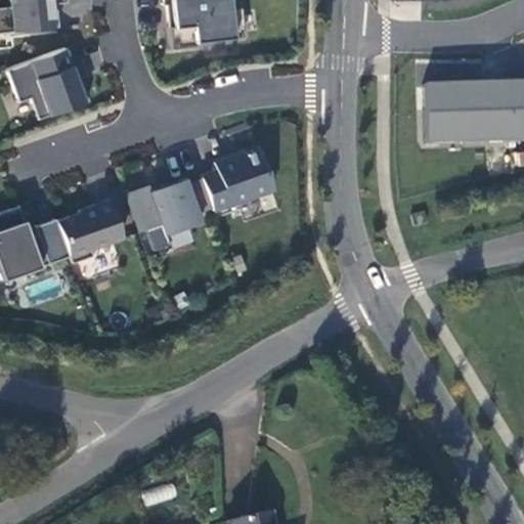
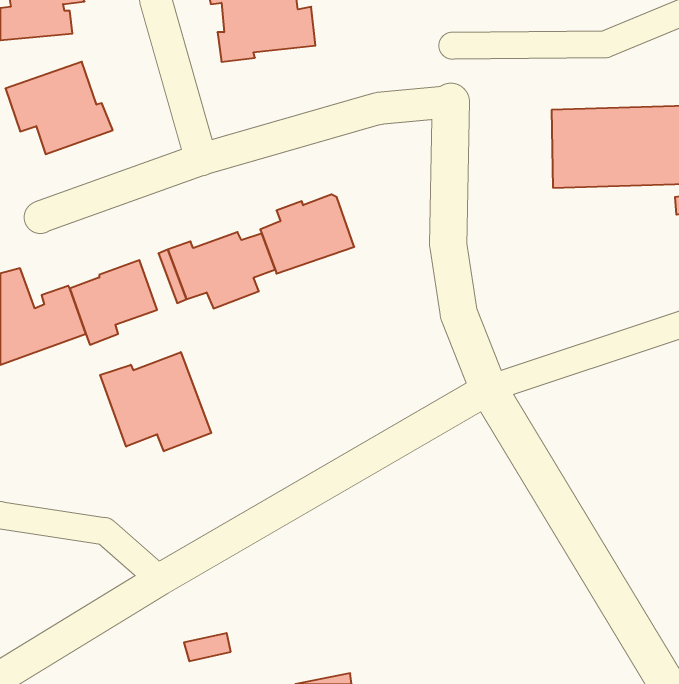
building: none -> [100,352,211,451]

